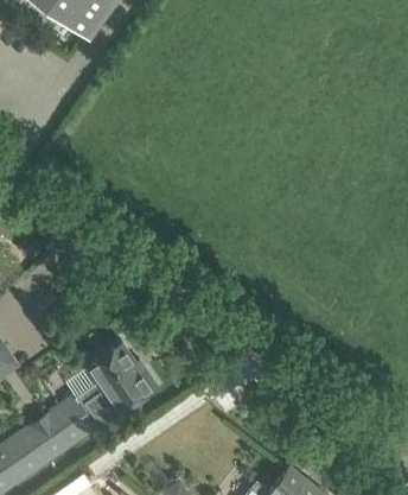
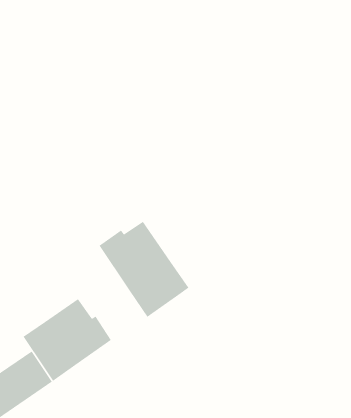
building: none -> [99,221,189,318]

